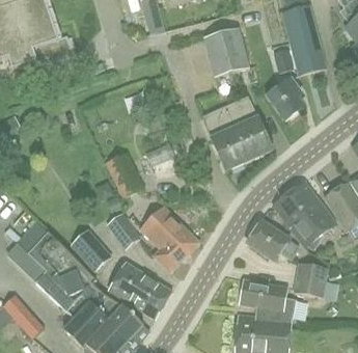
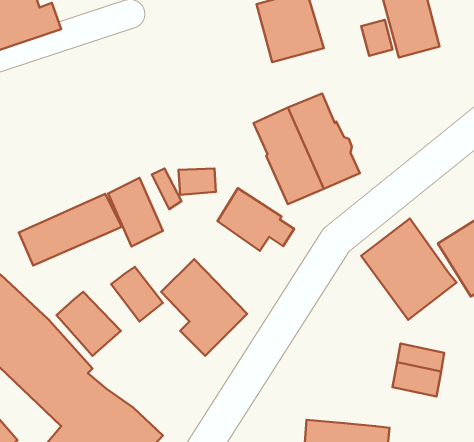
building: [266,78,303,119] -> none
building: none -> [19,194,122,266]
building: [247,219,298,261] -> [217,188,294,251]
building: [108,261,171,318] -> none
building: [238,278,296,319] -> none

